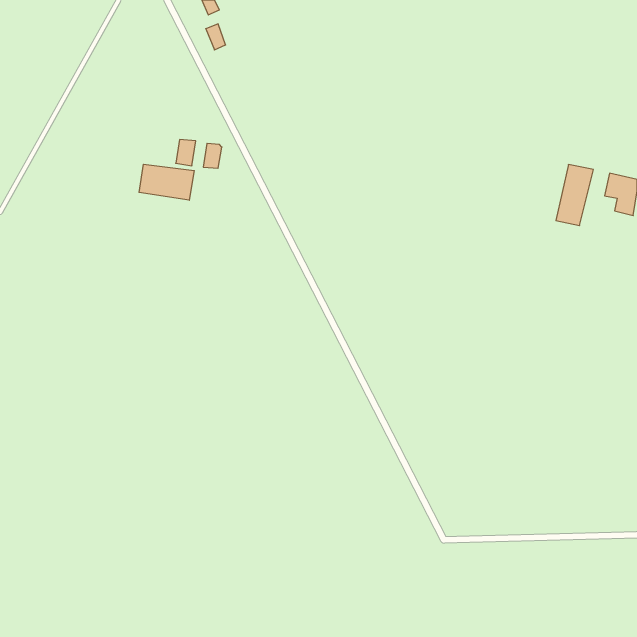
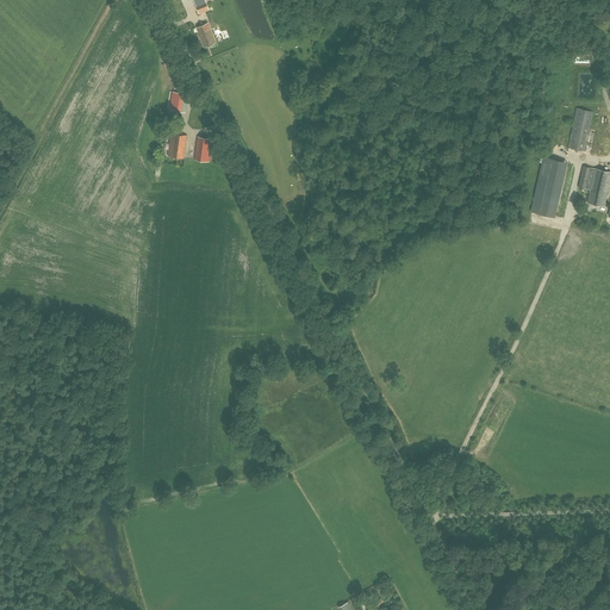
building: none -> [568,108,592,150]
building: [139,164,194,200] -> none

